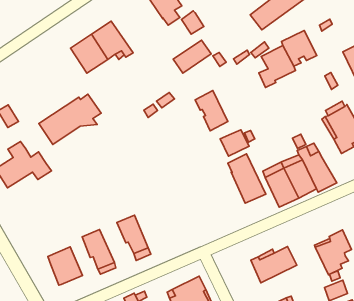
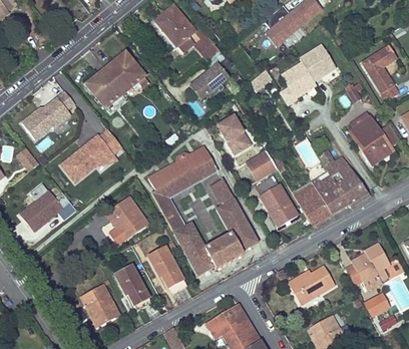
building: none -> [22,90,75,138]
building: none -> [148,145,258,275]
building: none -> [106,197,147,239]

